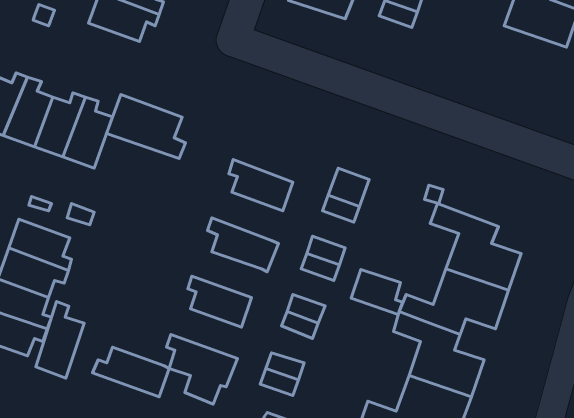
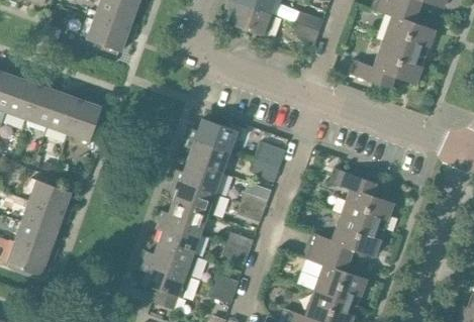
building: none -> [348,41,425,88]
building: [107,94,185,159] -> none
building: none -> [188,118,239,152]
building: none -> [173,159,223,194]
building: none -> [159,202,208,234]
building: [351,270,402,314] -> none
building: [36,302,84,378] -> none
building: [93,347,169,397] -> [144,242,198,278]

